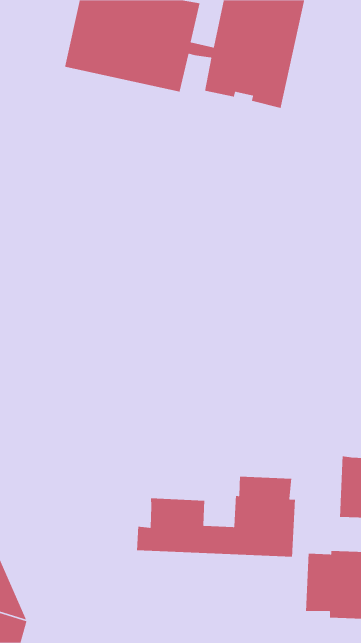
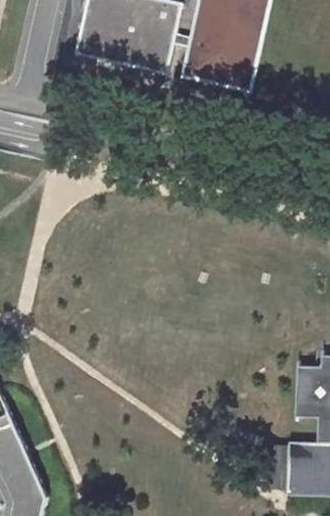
building: [136,476,296,558] -> none

